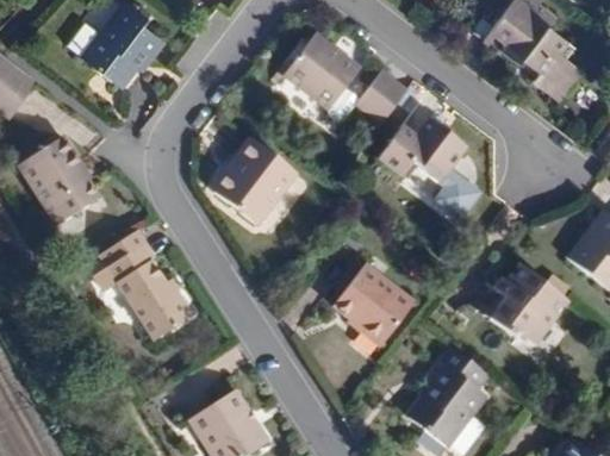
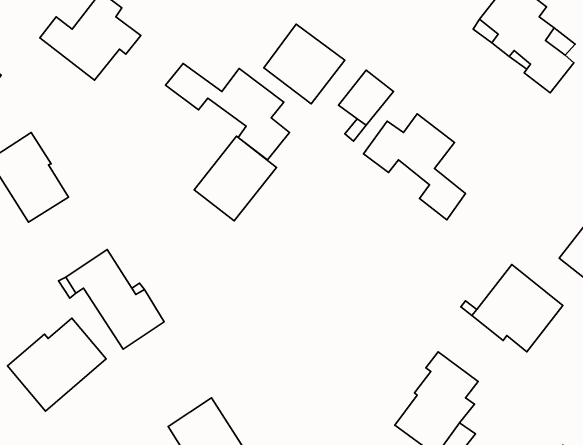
building: none -> [165,64,289,160]
building: [332,262,416,345] -> none
building: none -> [8,318,106,411]

